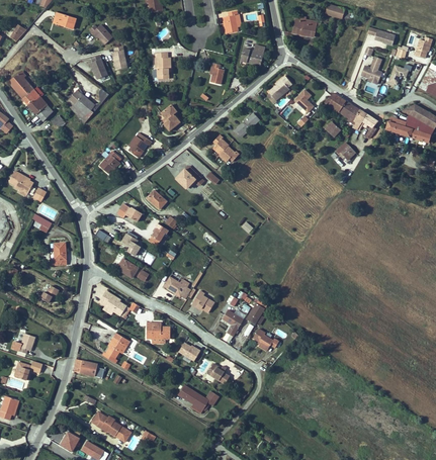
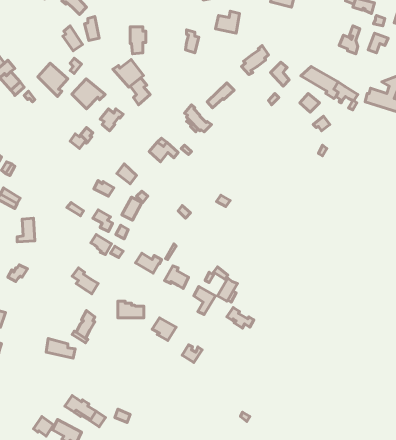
building: none -> [113,59,143,87]
building: none -> [72,79,105,109]
building: [175,385,216,415] -> none

